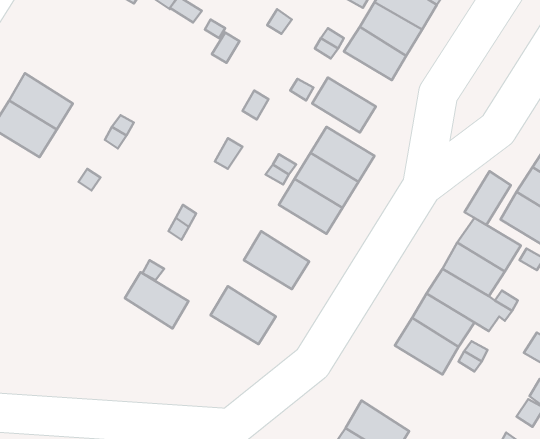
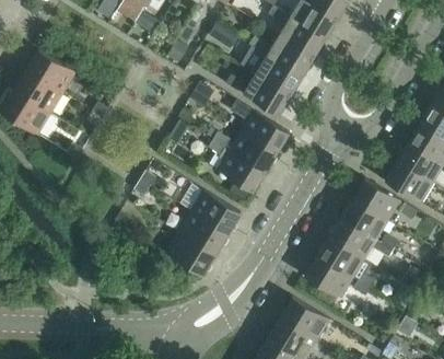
building: none -> [26,49,75,93]
building: none -> [255,54,303,95]
building: [464,171,511,225] -> none
building: [125,272,189,329] -> [179,211,227,254]
building: none -> [280,297,329,340]

